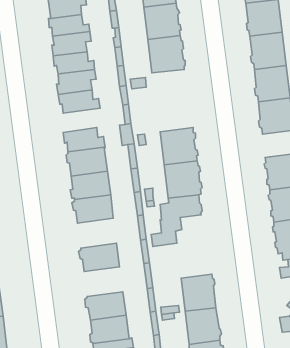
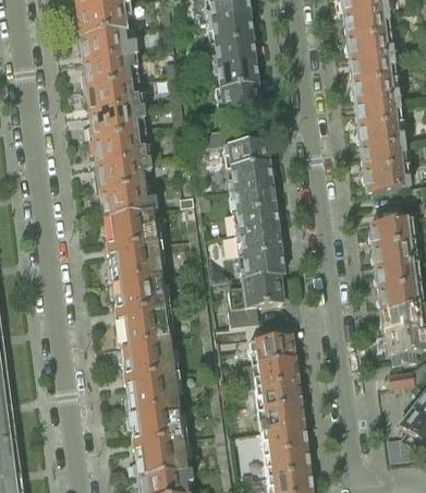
building: none -> [223,139,275,189]
building: none -> [96,157,149,190]
building: none -> [117,305,170,346]
building: none -> [252,335,301,386]
building: none -> [125,371,179,411]

